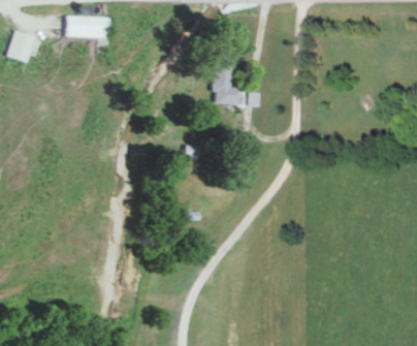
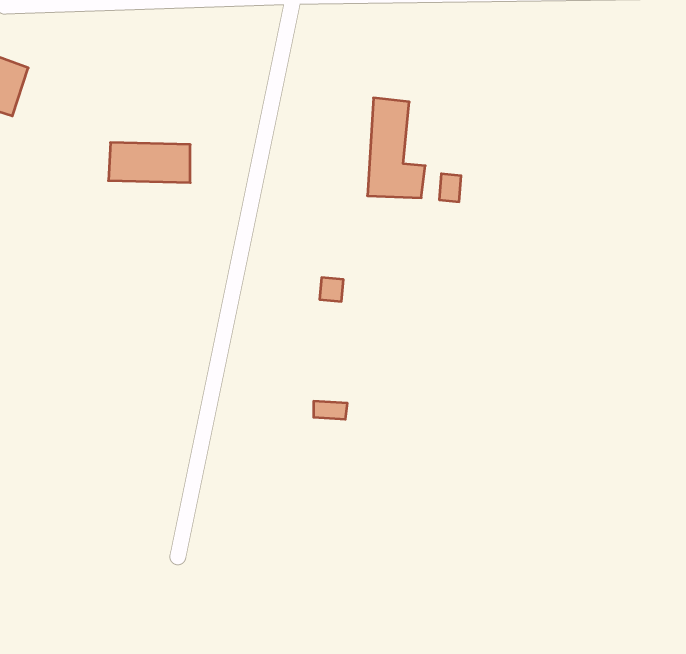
building: [65,18,107,38] -> [108,143,190,183]

